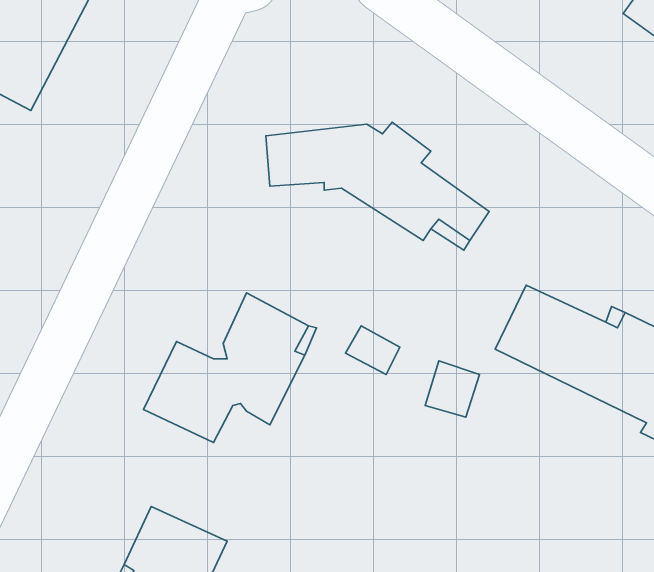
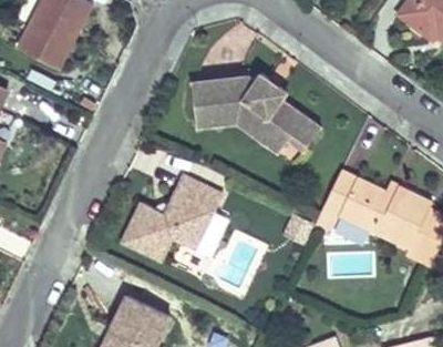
building: none -> [194,110,281,151]

